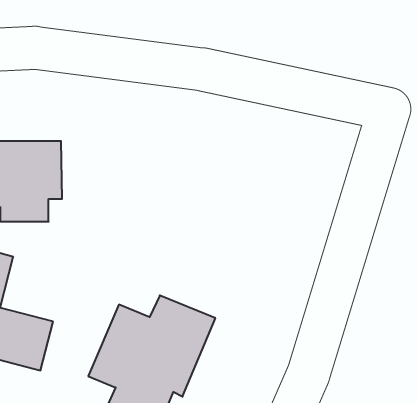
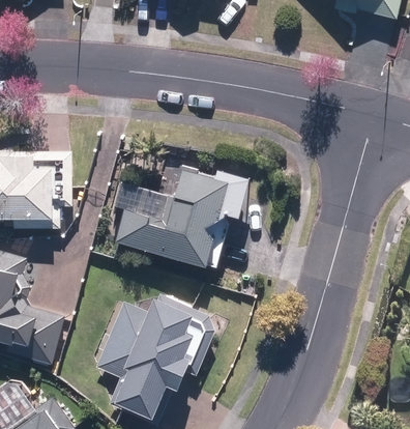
building: none -> [116,162,251,261]

